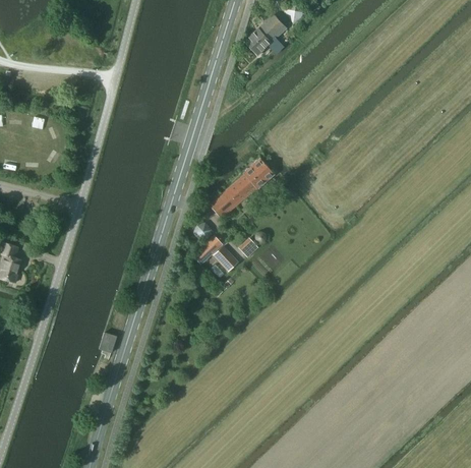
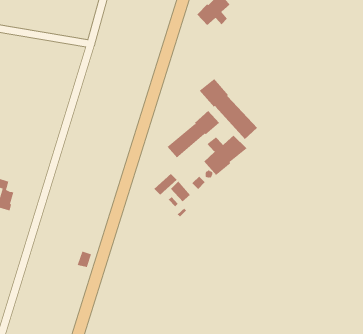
building: none -> [199,78,258,140]
building: none -> [203,135,248,176]

